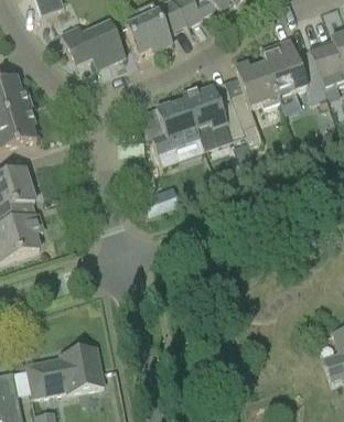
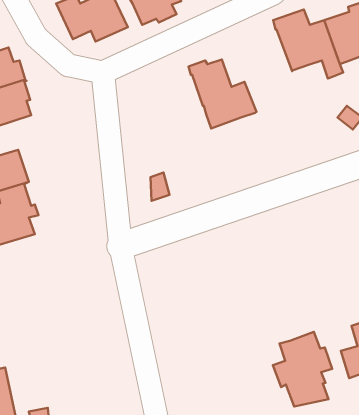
building: [234,57,281,144] -> none
building: [151,99,204,165] -> none
building: none -> [273,332,332,407]
building: [25,346,104,396] -> none

